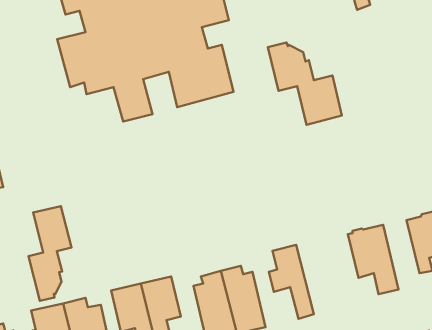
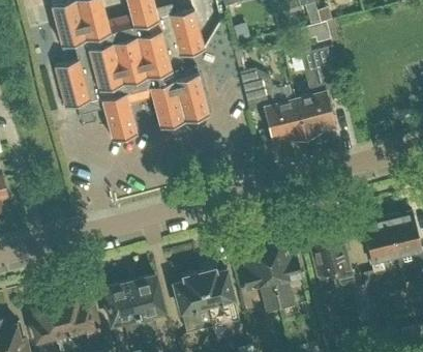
building: none -> [297,49,339,136]
building: [29,206,71,301] -> none
building: none -> [265,244,302,311]

